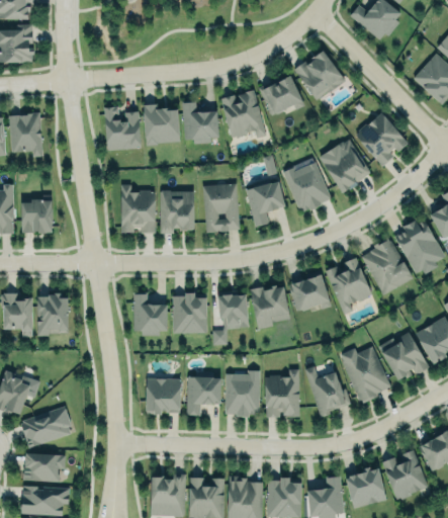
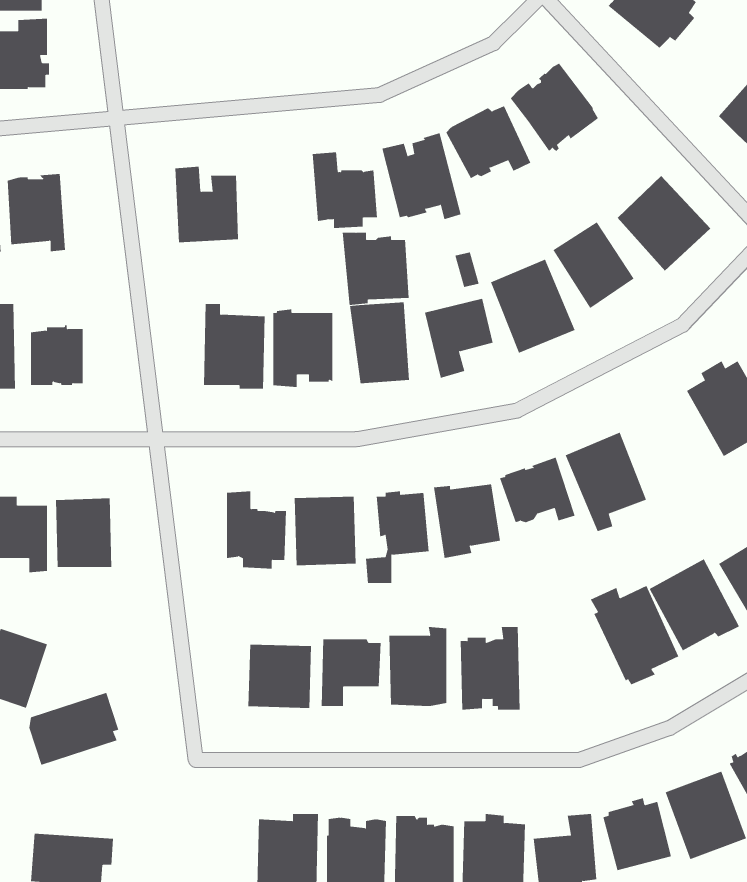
building: [143,103,181,145] -> [342,232,410,305]
building: [354,239,407,295] -> none
building: [304,364,351,416] -> none
building: [24,452,66,482] -> none

